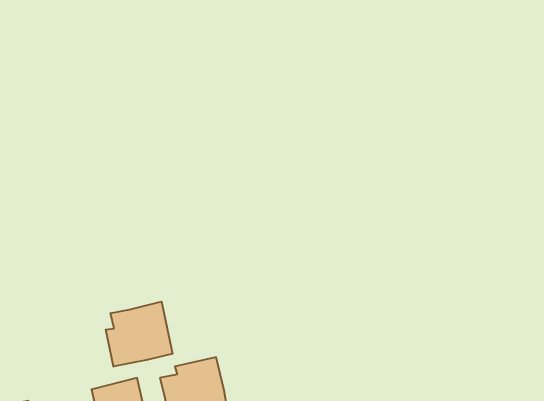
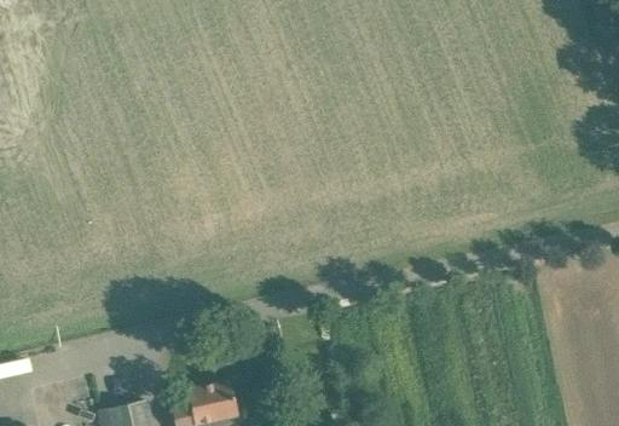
building: [106,302,173,367] -> none

